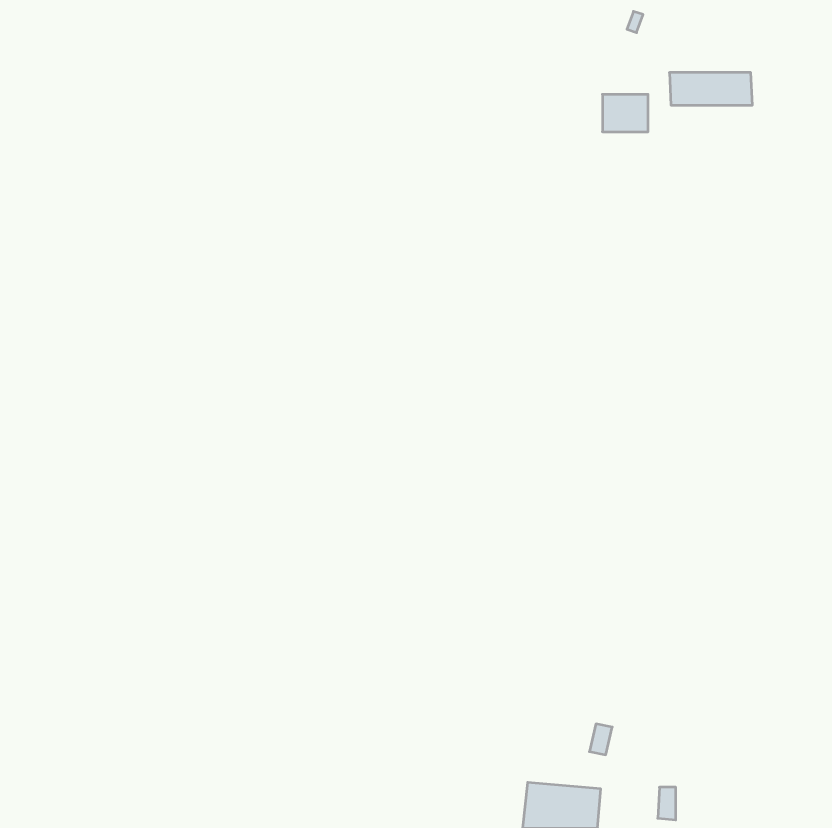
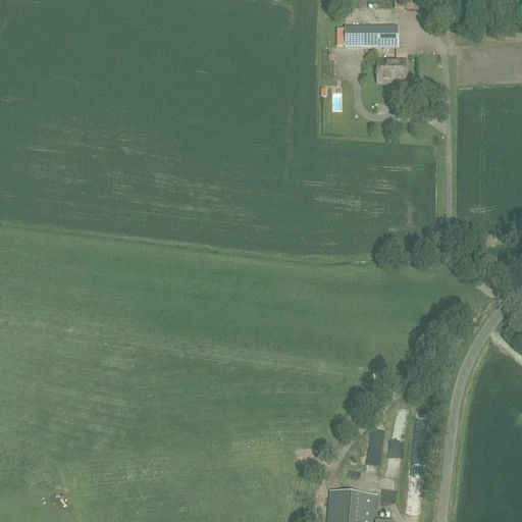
building: [669,73,752,105] -> [346,27,398,47]

